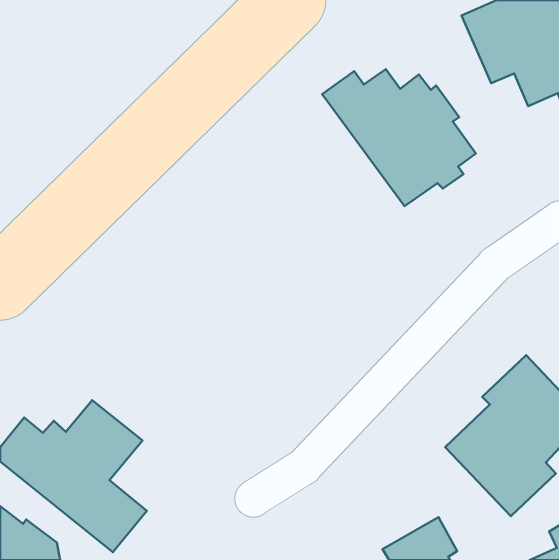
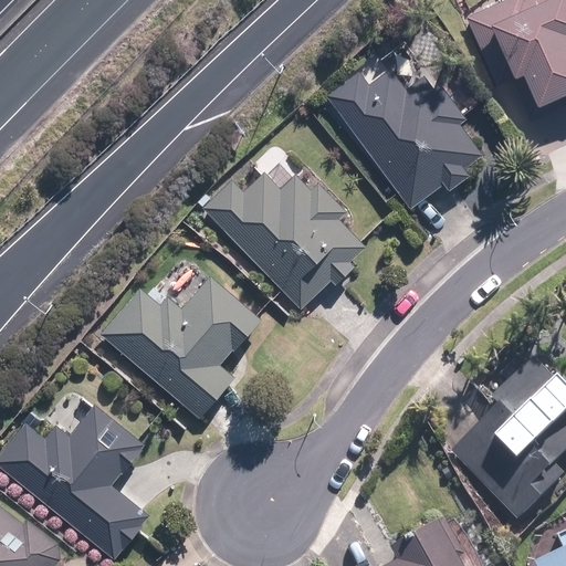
building: none -> [201,171,365,308]
building: none -> [101,275,261,416]

